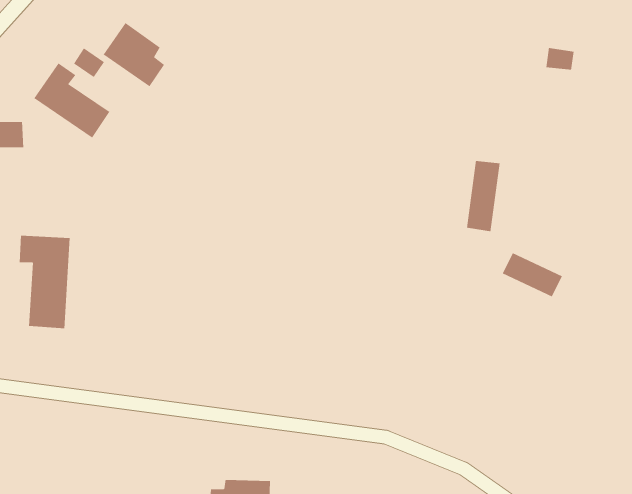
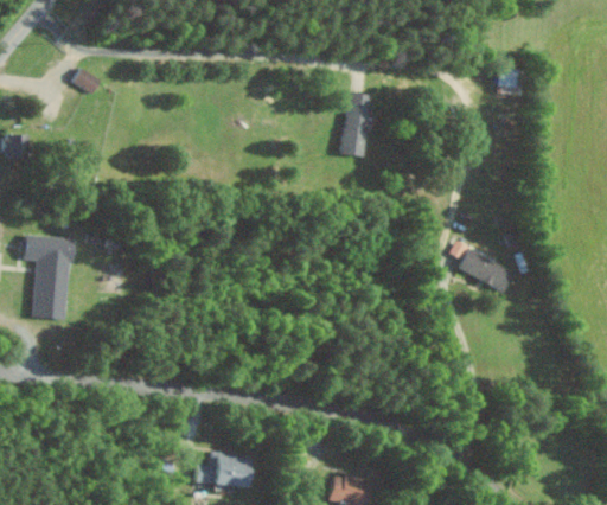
building: [103,22,165,87] -> none
building: [33,62,110,138] -> none
building: [466,160,500,232] -> [340,92,371,156]

